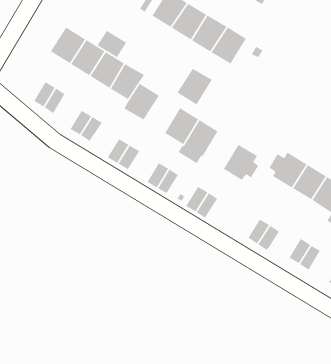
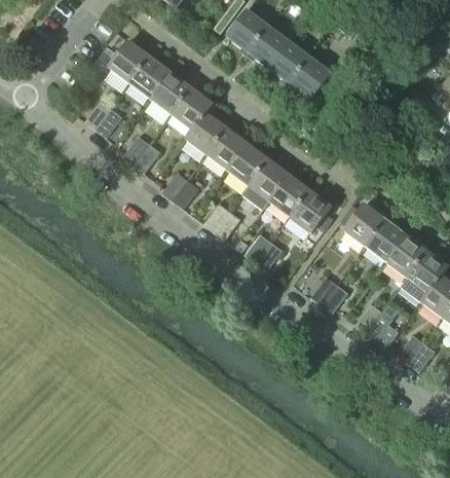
building: [97,30,127,58] -> none
building: [177,68,213,106] -> [207,127,249,171]
building: none -> [269,174,310,217]

